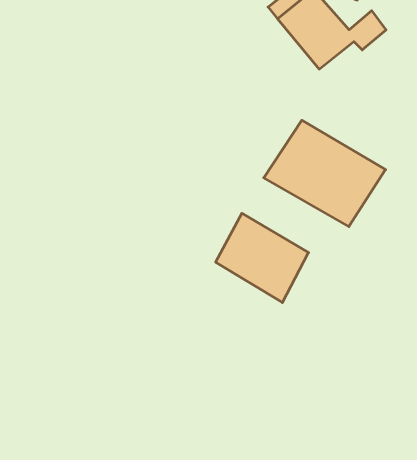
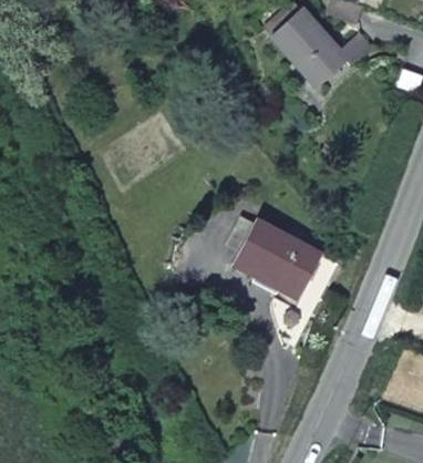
building: [264,120,386,227] -> none

